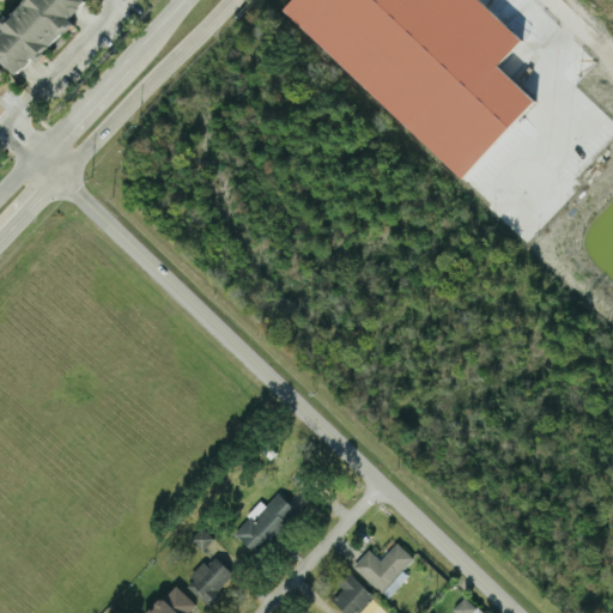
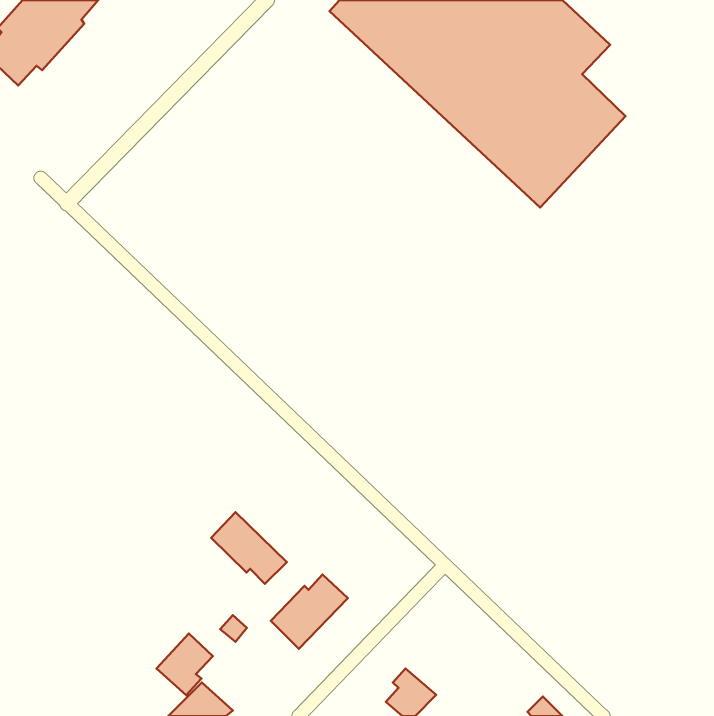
building: none -> [211,512,287,584]
building: [351,541,412,596] -> none
building: [183,553,231,606] -> [157,634,213,695]

